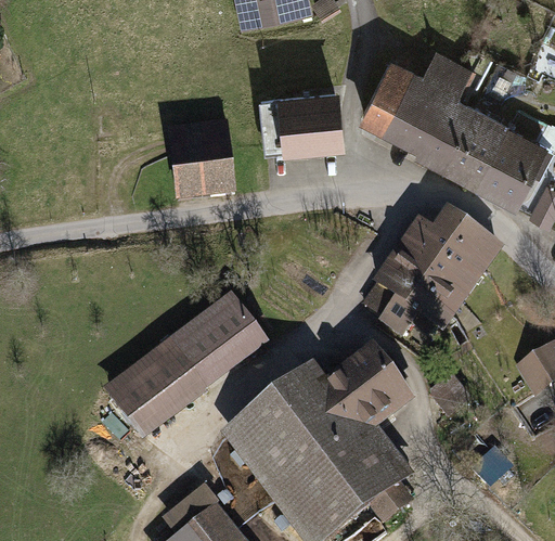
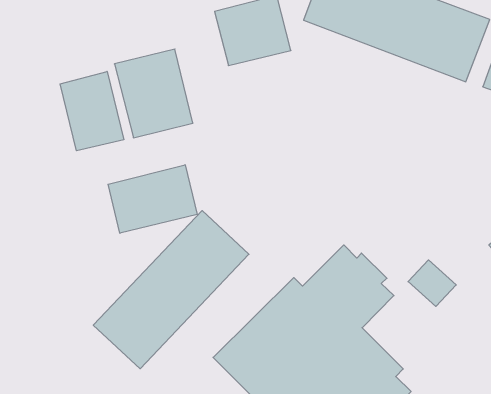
building: none -> [60,71,124,151]
building: [364,209,501,339] -> none
building: none -> [108,165,197,233]

